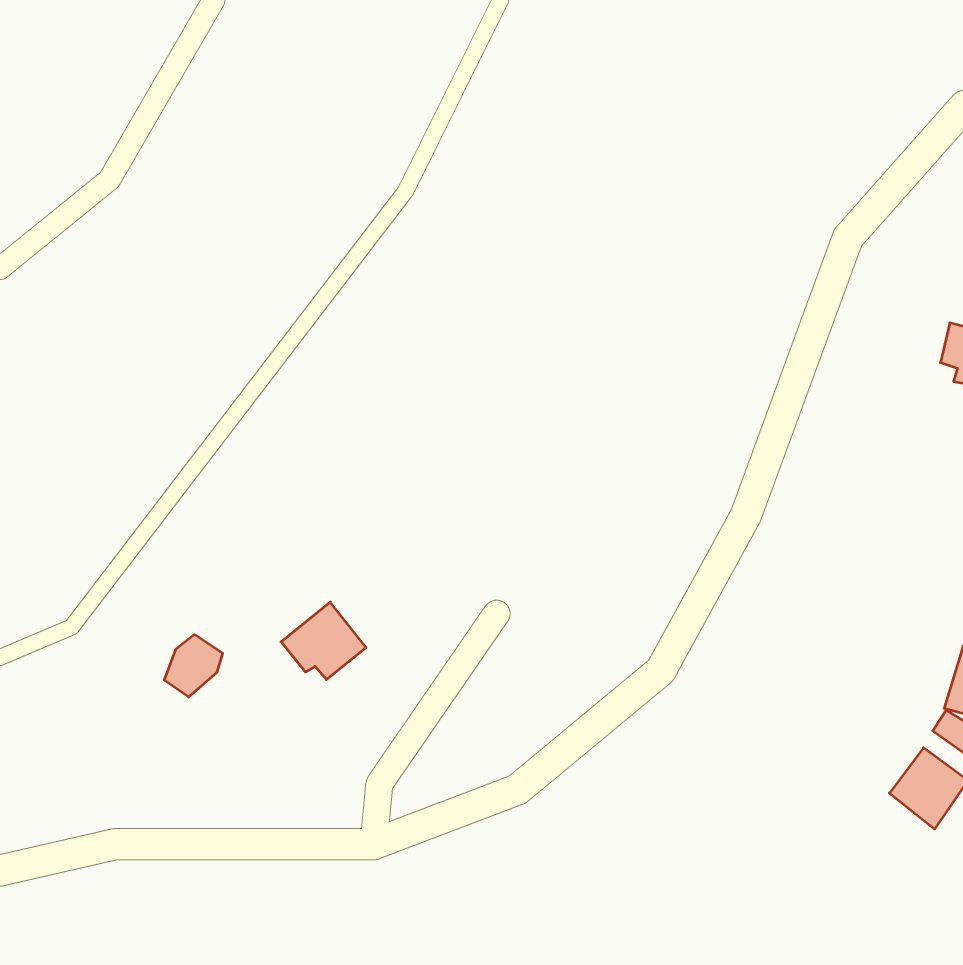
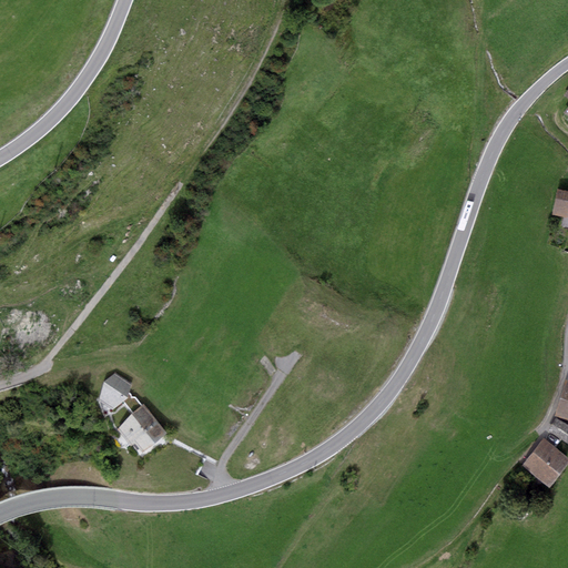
building: [281,602,366,680] -> [116,404,166,449]

